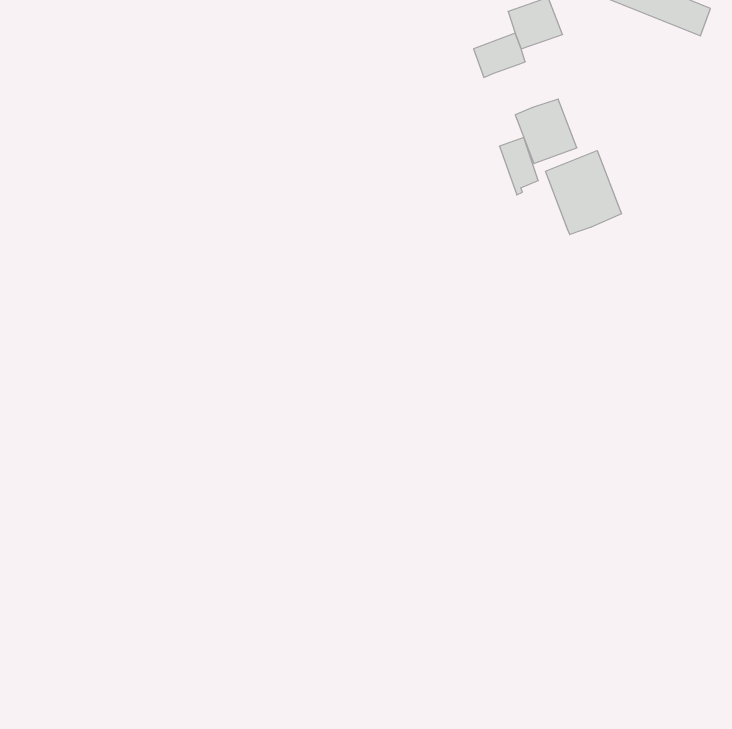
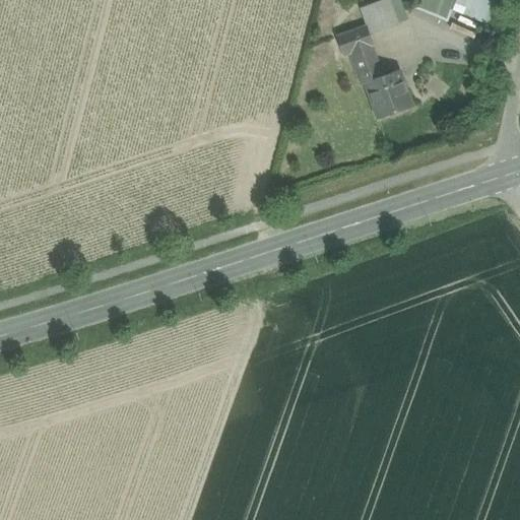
building: [499,138,538,195] -> [349,46,377,86]
building: [545,151,621,235] -> none

